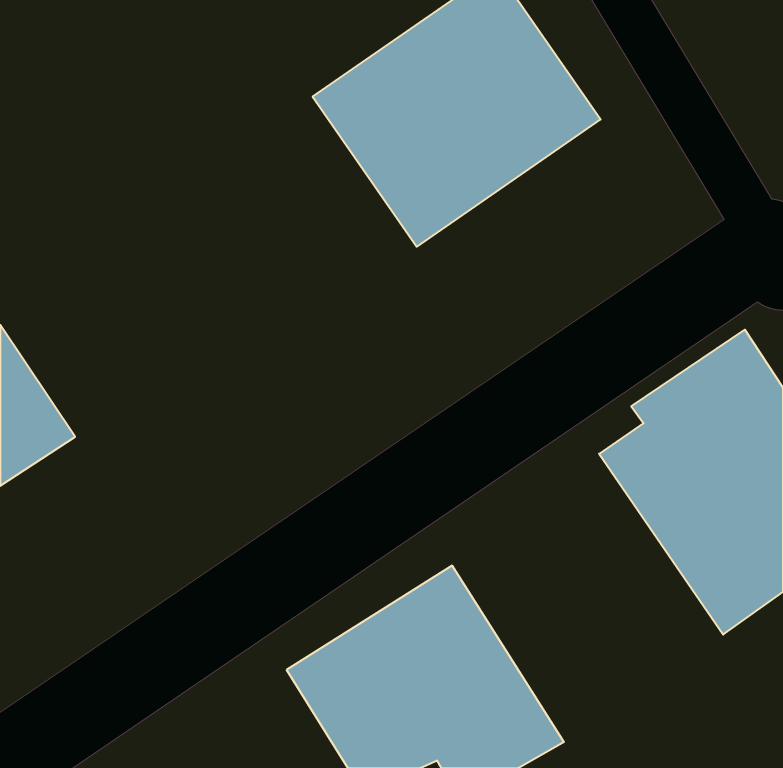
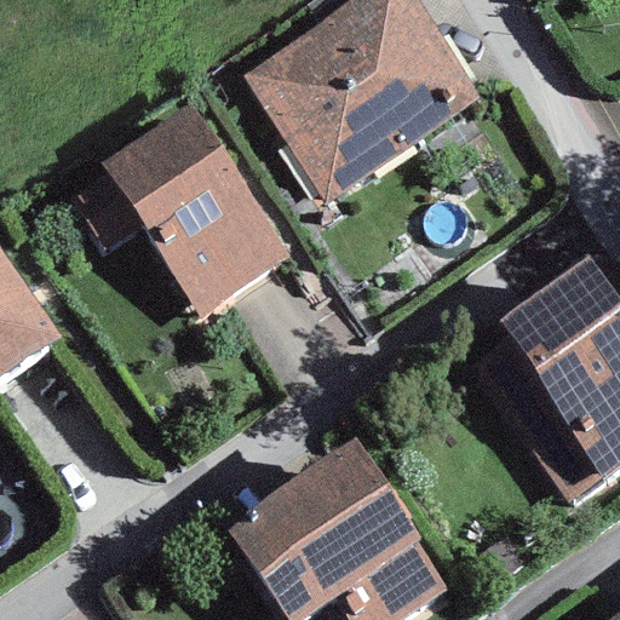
building: none -> [67,101,294,318]

